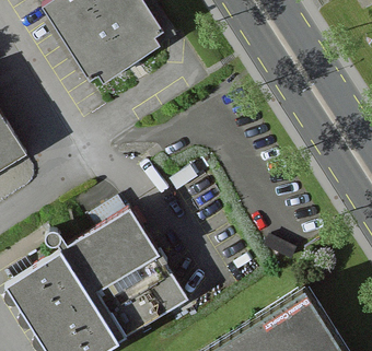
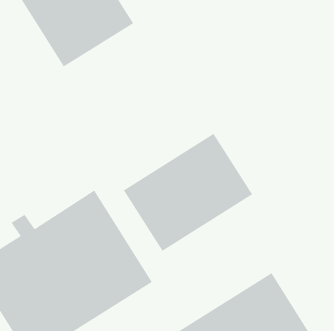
building: none -> [123,133,253,252]

